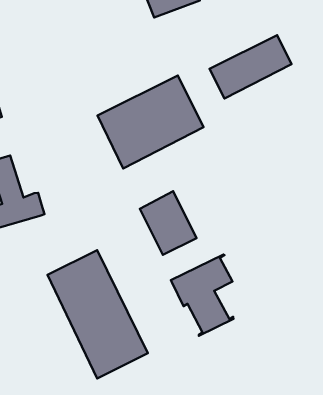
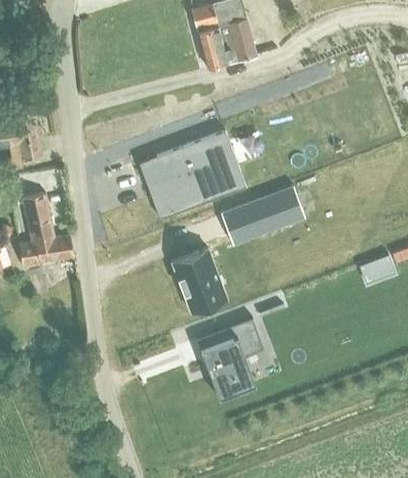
building: [209,35,291,99] -> [220,186,304,245]
building: [47,250,148,378] -> none

